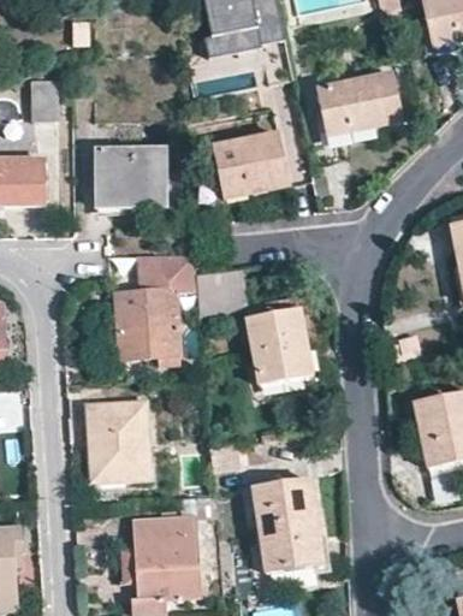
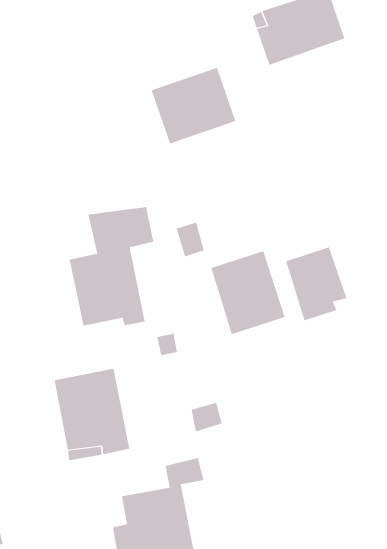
building: [94,146,166,205] -> none
building: none -> [285,247,347,321]
building: [254,476,321,571] -> none

